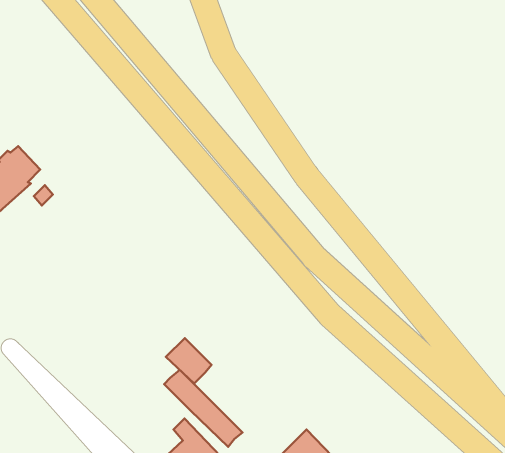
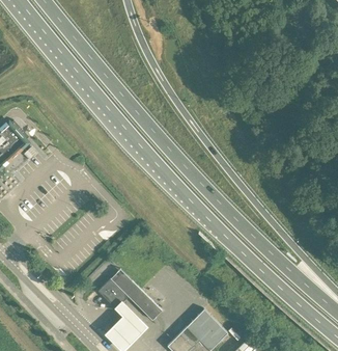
building: [166,338,211,384] -> [98,278,129,308]

